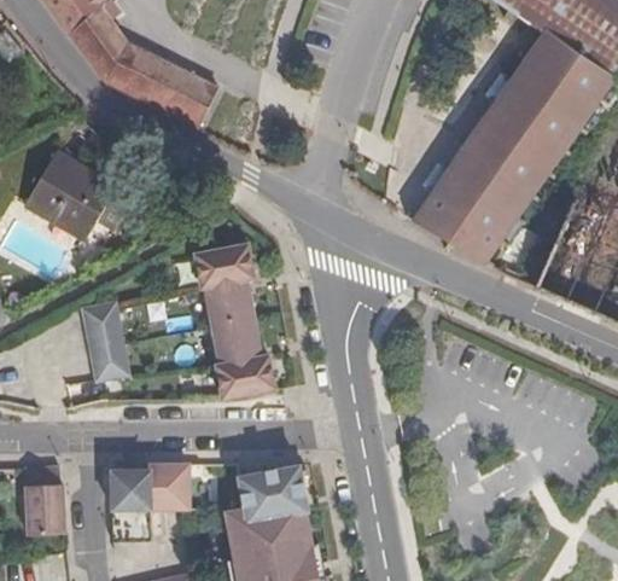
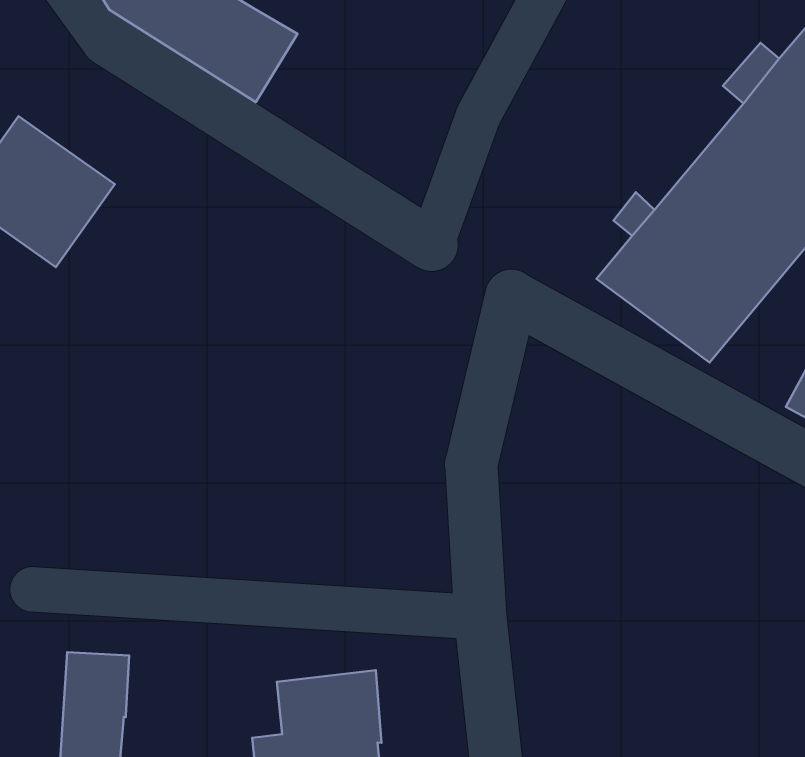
building: [194,244,274,397] -> none
building: [81,301,128,380] -> none
building: [148,465,186,506] -> none

